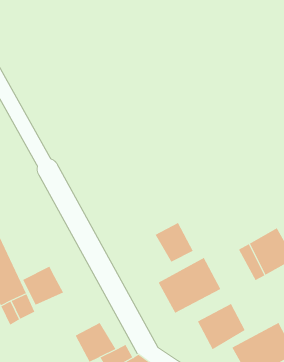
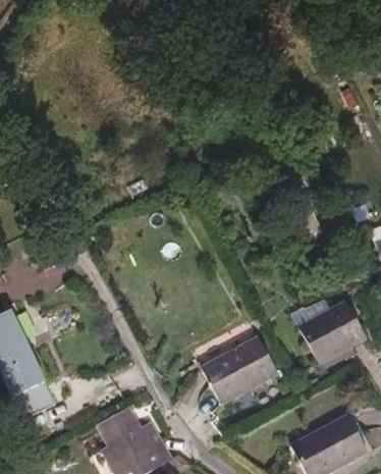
building: [155,222,193,263] -> none
building: [23,266,64,305] -> none
building: [197,303,246,350] -> none

